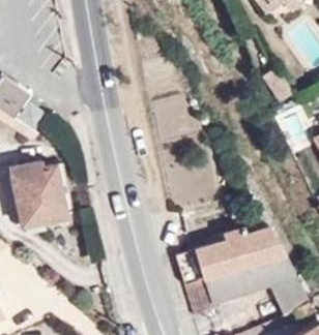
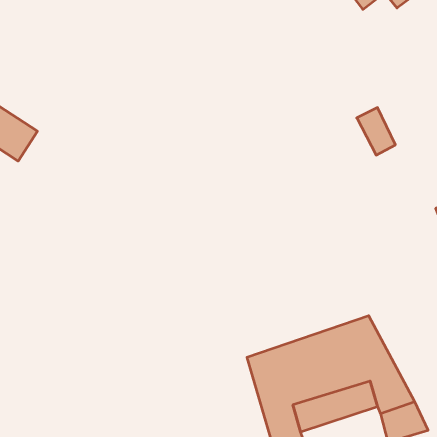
building: [20,152,75,216] -> none

